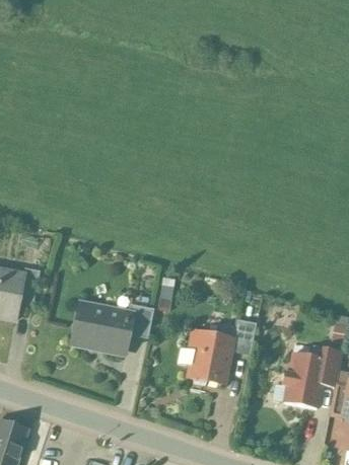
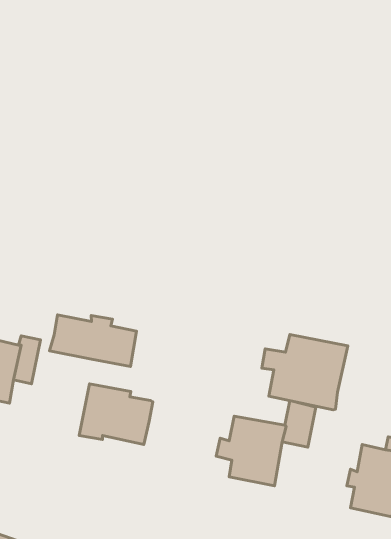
building: none -> [50,315,137,366]
building: none -> [262,335,348,410]
building: [126,302,154,336] -> none

